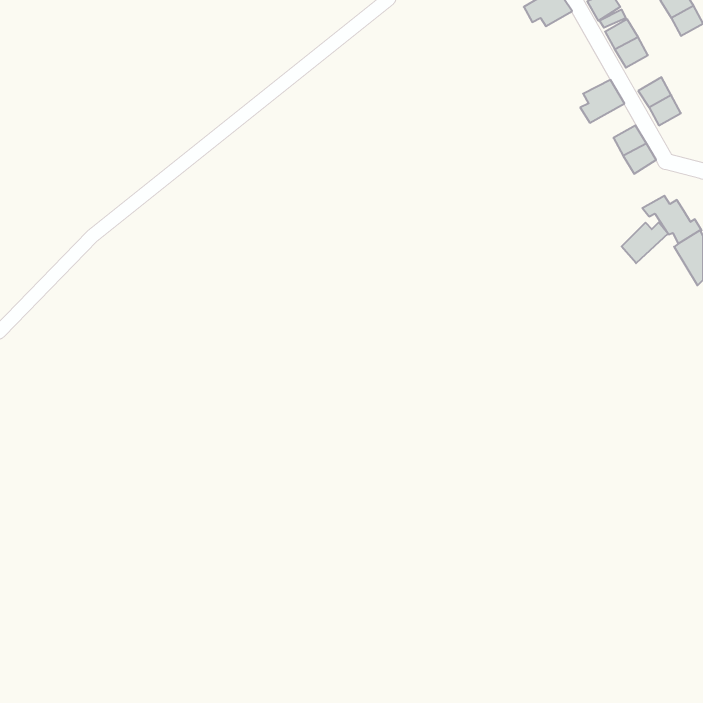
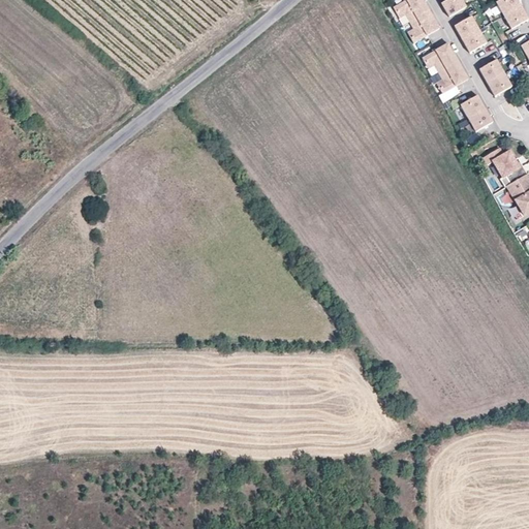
building: none -> [407,8,439,41]
building: none -> [422,41,458,70]
building: [622,222,668,263] -> none

